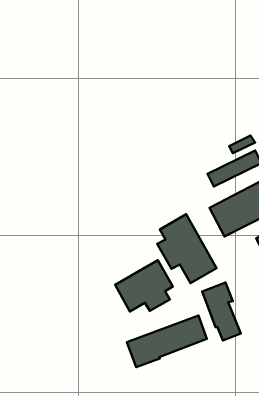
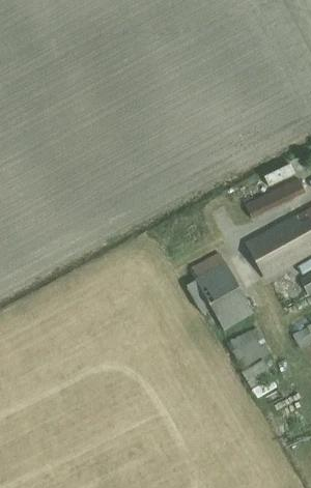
building: [115,260,173,311] -> none
building: [127,315,207,367] -> none

